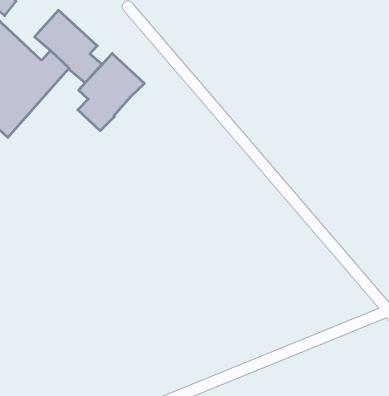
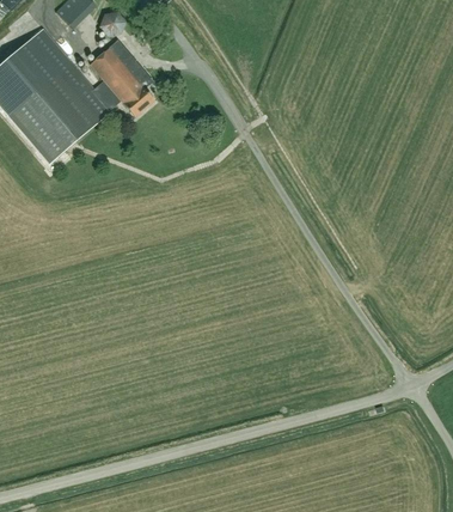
building: [78,53,144,131] -> none

